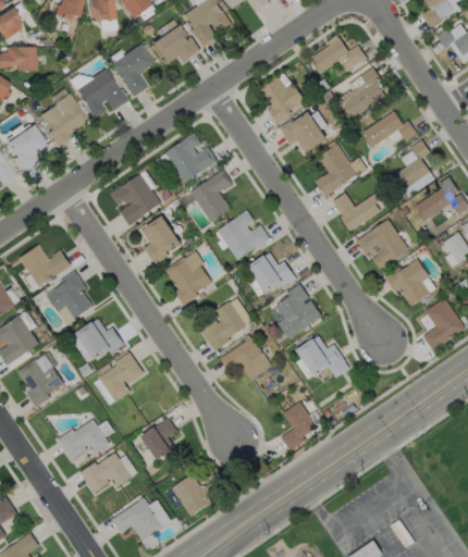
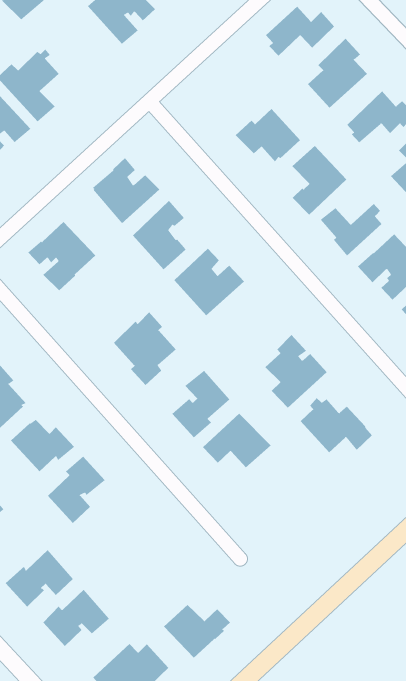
building: [151,24,200,63] -> none
building: [261,76,305,123] -> none
building: [141,214,181,264] -> none
building: [248,252,296,293] -> none
building: [281,400,317,449] -> none
building: [141,417,177,459] -> none

